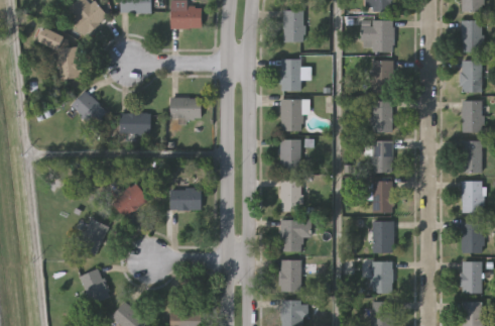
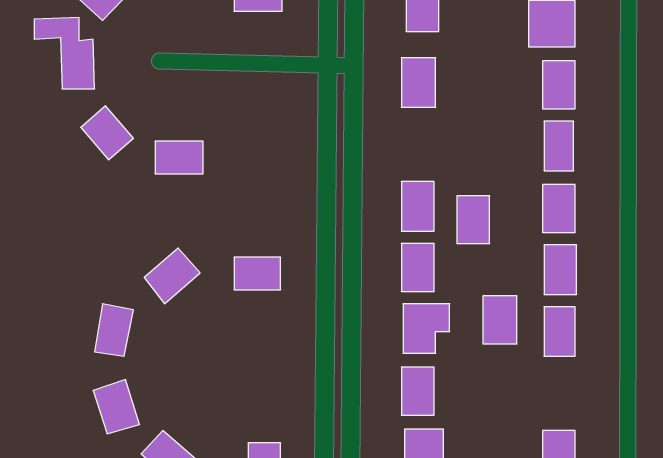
building: [169,97,201,119] -> none
building: [280,100,301,131] -> [457,196,490,244]
building: [370,261,392,293] -> [483,296,517,344]

